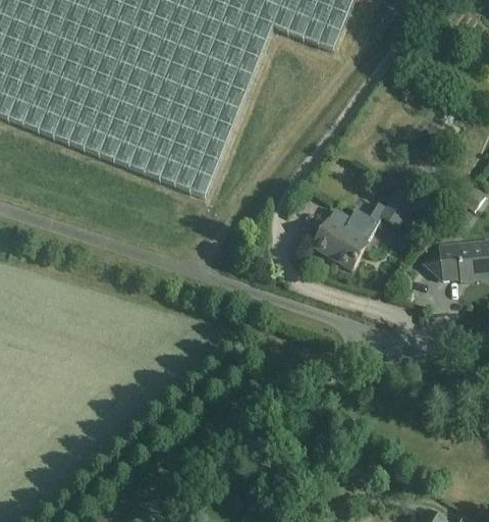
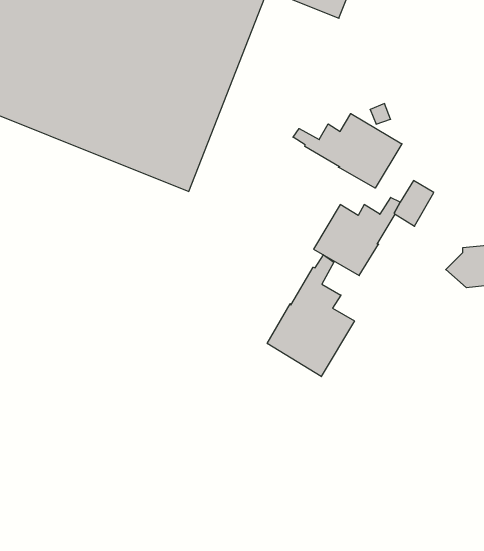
building: none -> [293,114,402,188]
building: none -> [267,255,354,377]

